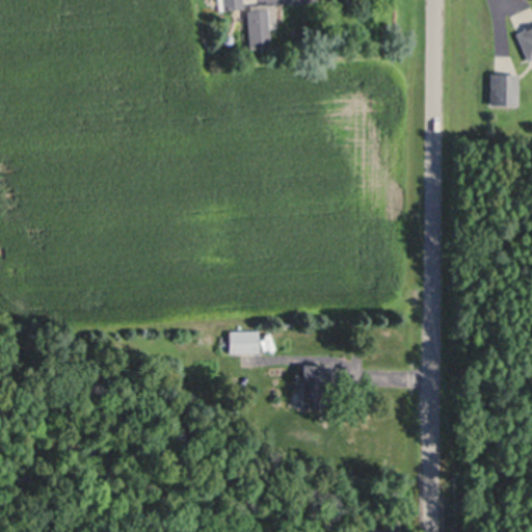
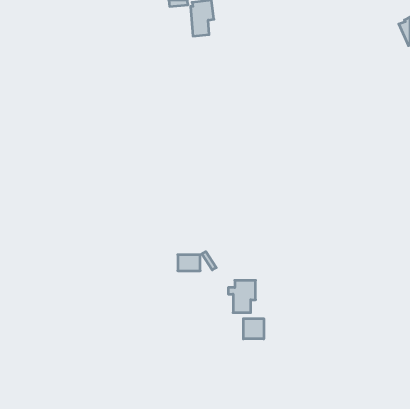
building: [491,75,518,106] -> none
building: none -> [243,319,264,339]

